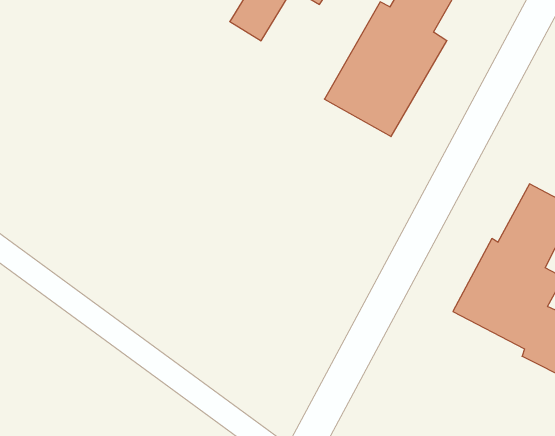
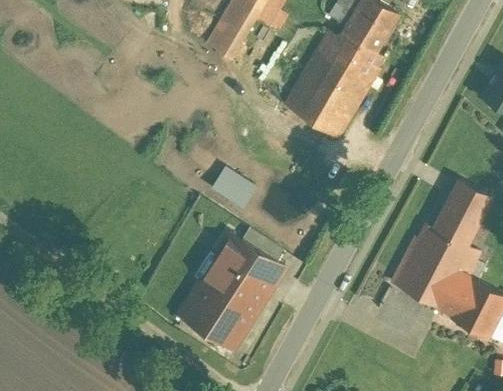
building: none -> [212,165,259,209]
building: none -> [177,229,291,354]

